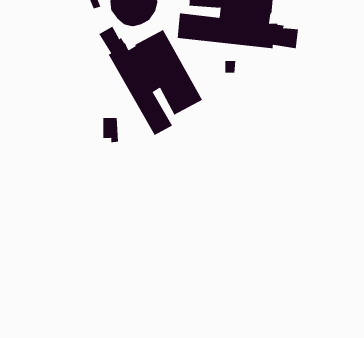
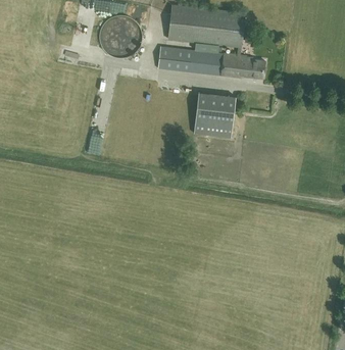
building: [99,26,203,136] -> none
building: none -> [197,102,232,132]

